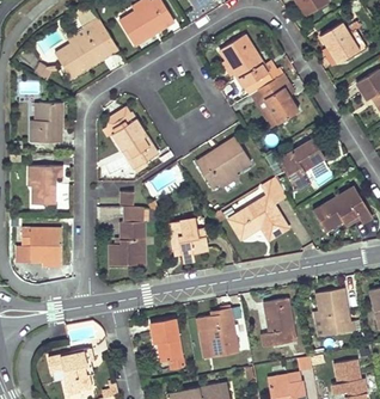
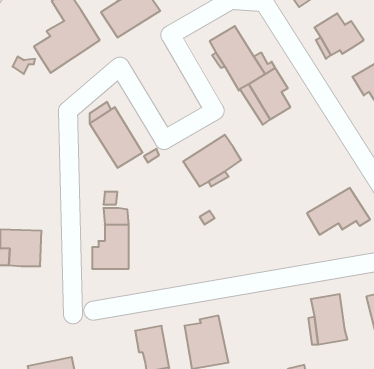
building: [31,103,61,141] -> none
building: [280,140,324,189] -> none
building: [30,166,62,203] -> none
building: [229,179,289,239] -> none
building: [170,219,207,258] -> none
building: [263,297,295,345] -> none

